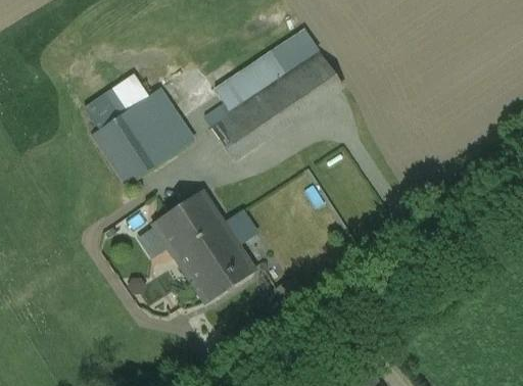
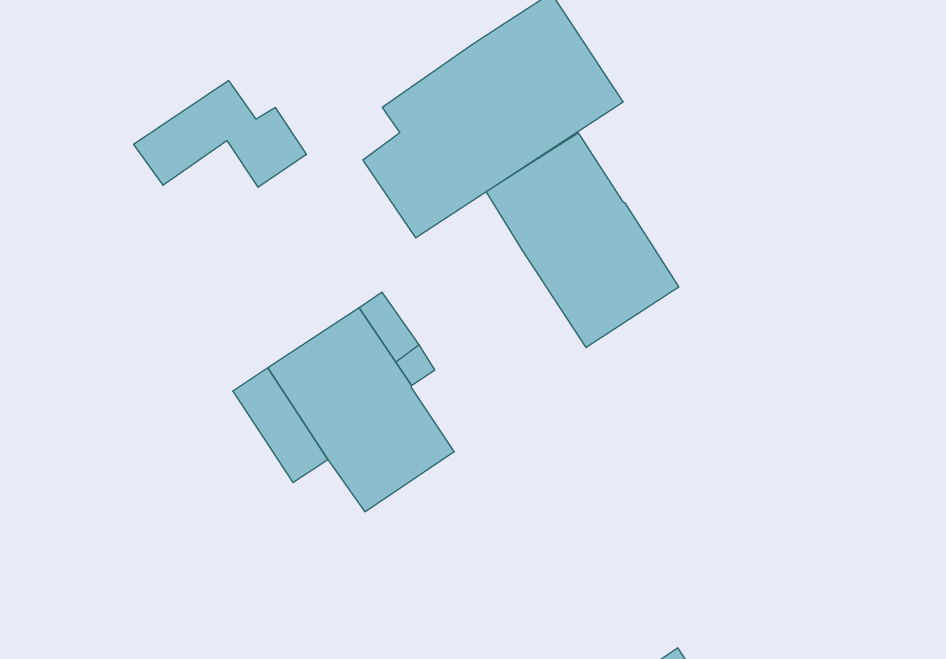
building: none -> [486,133,679,348]
building: [93,105,194,184] -> none

